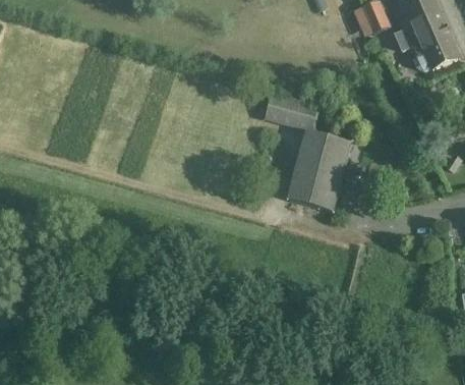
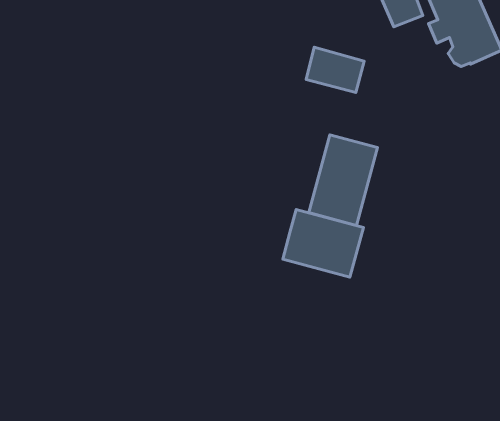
building: [263,90,313,129] -> [306,47,364,92]
building: none -> [283,209,363,277]

